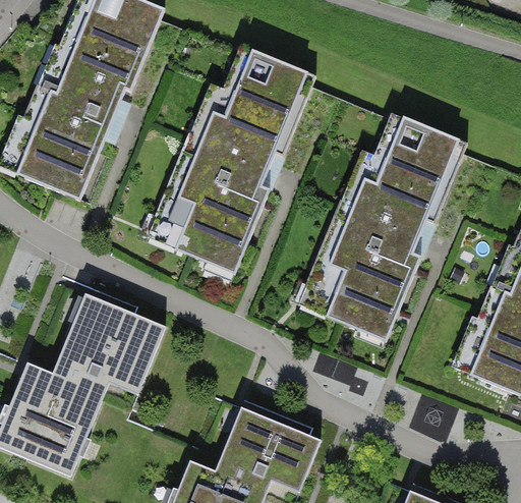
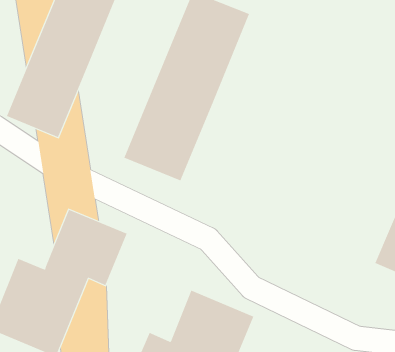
building: [314,108,467,329] -> none

